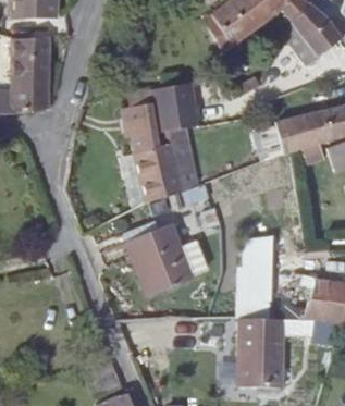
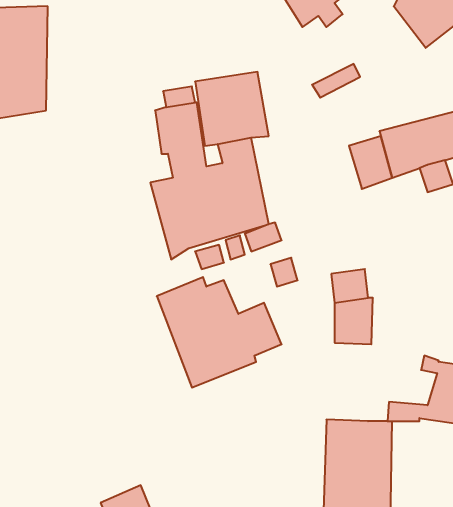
building: [237,266,270,319] -> none

